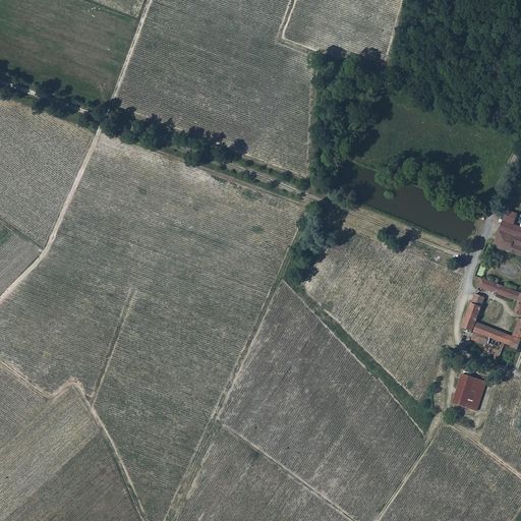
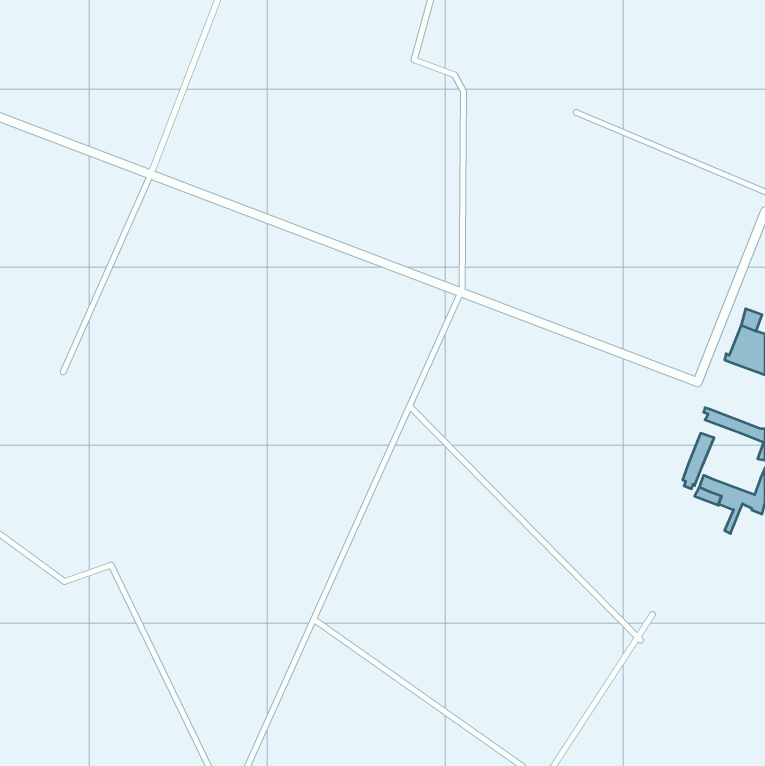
building: [452,372,484,409] -> none

